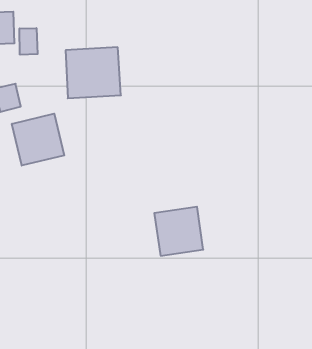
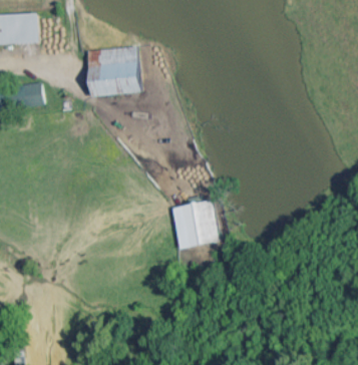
building: [20,28,38,55] -> none
building: [12,114,64,166] -> none

